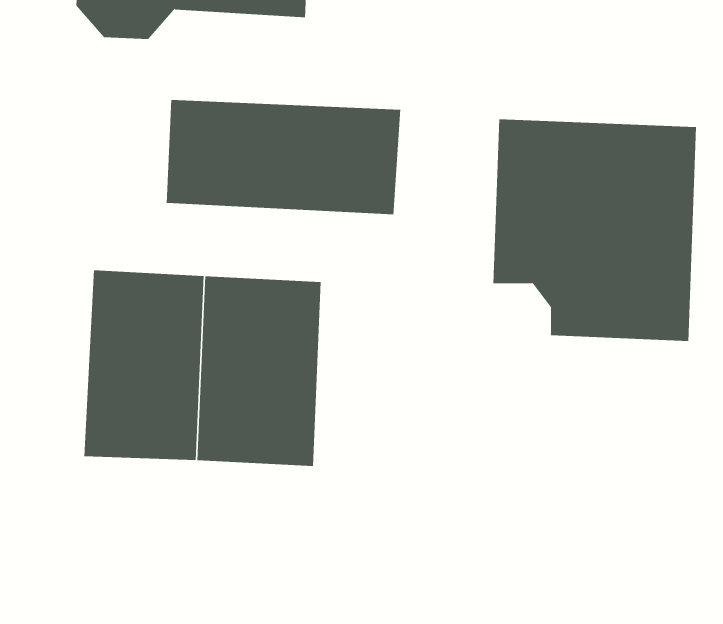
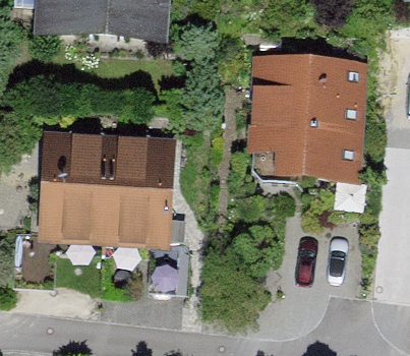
building: [166,99,401,215] -> none

